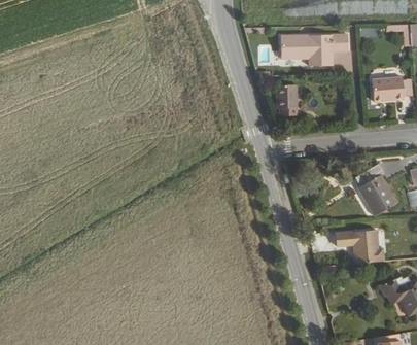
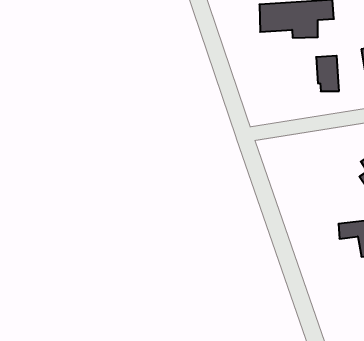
building: [278,84,297,116] -> [316,56,339,91]

